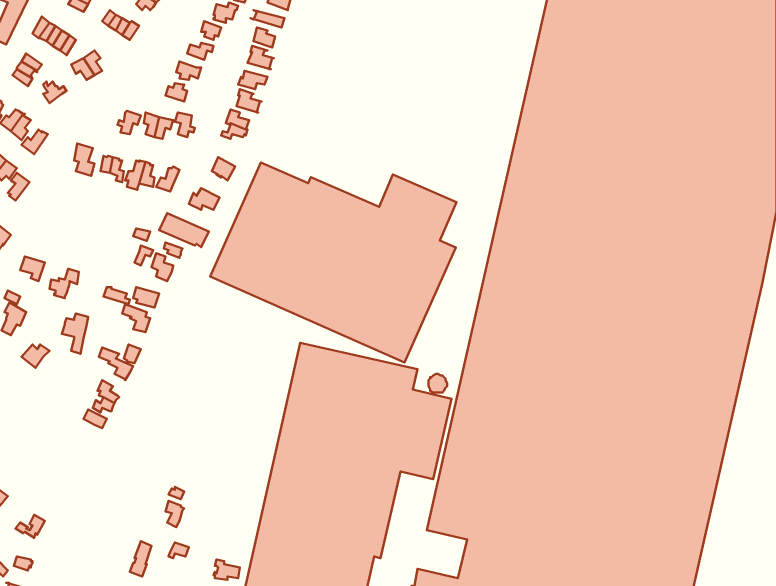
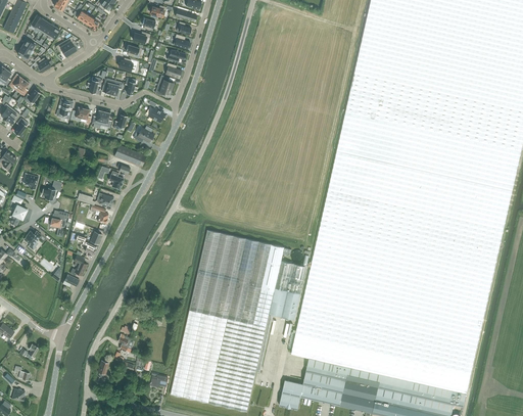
building: [210,162,456,363] -> none

